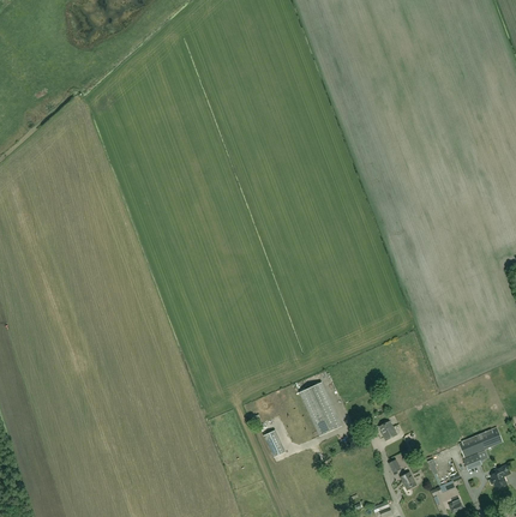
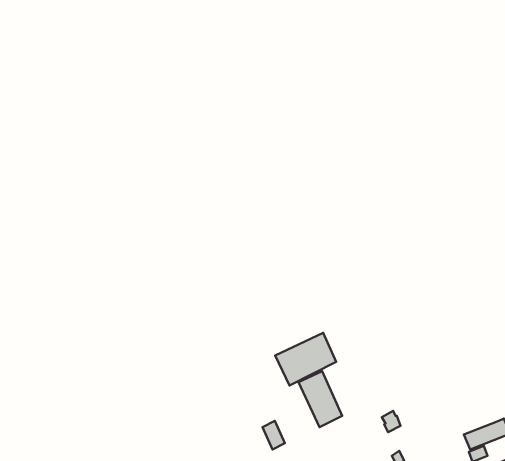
building: none -> [275,333,336,386]

